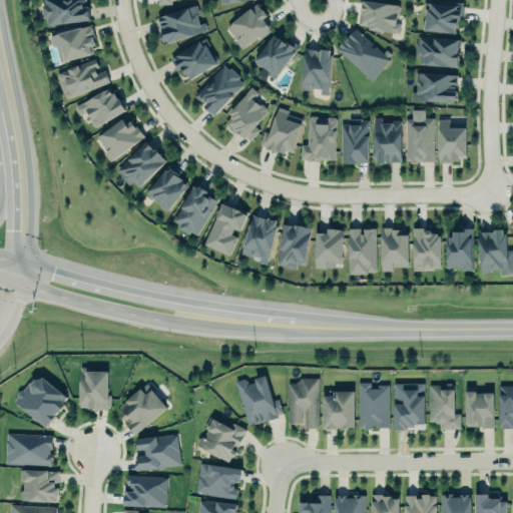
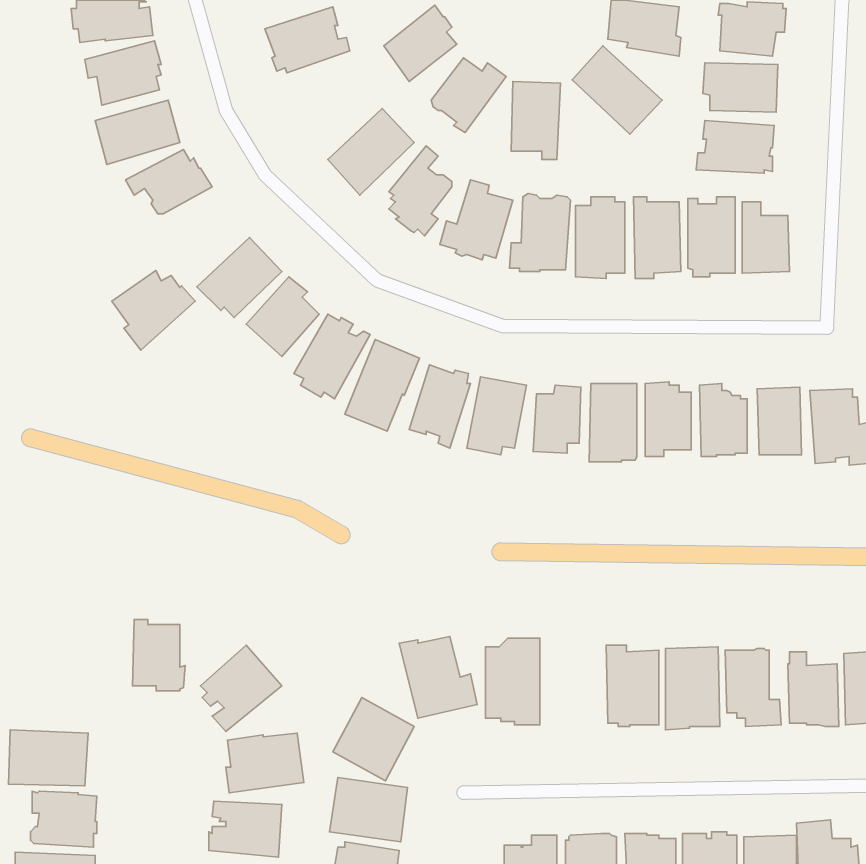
building: [169,40,217,81] -> none
building: [97,120,146,167] -> [112,271,195,350]
building: [14,376,69,426] -> none
building: [323,393,355,432] -> none

